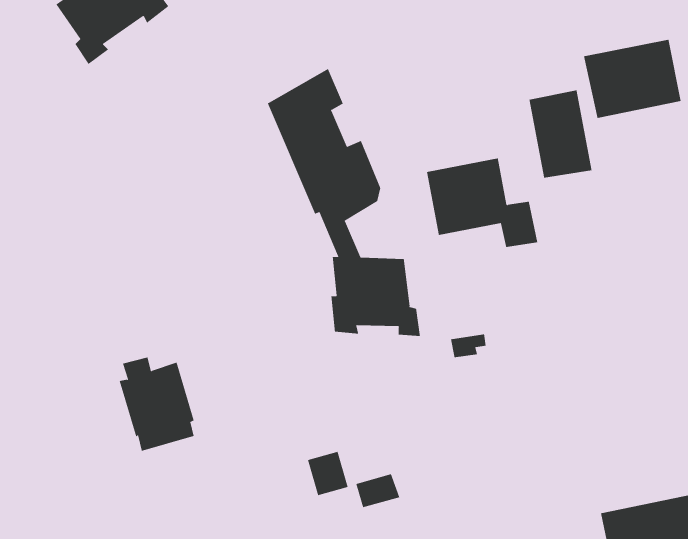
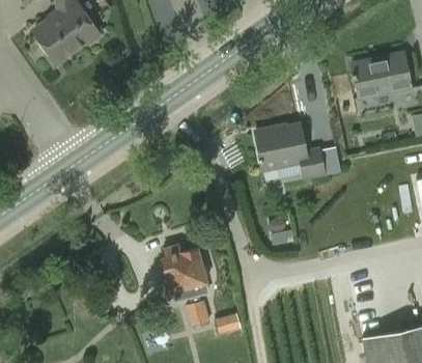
building: [267,68,420,337] -> none
building: [529,90,592,179] -> none
building: [119,357,195,452] -> [162,244,207,301]

